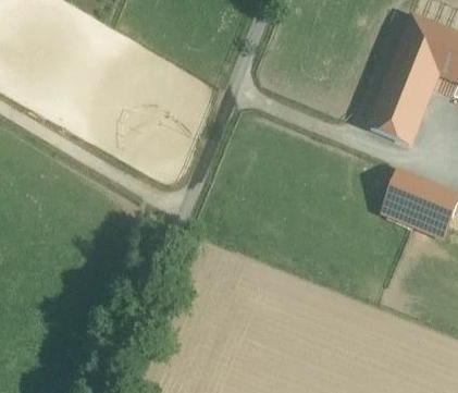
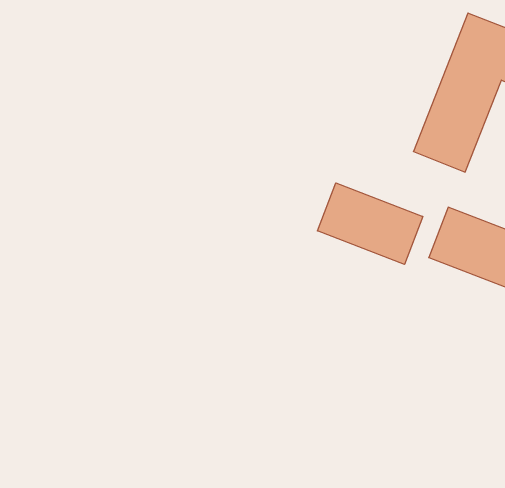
building: none -> [317,183,423,264]

